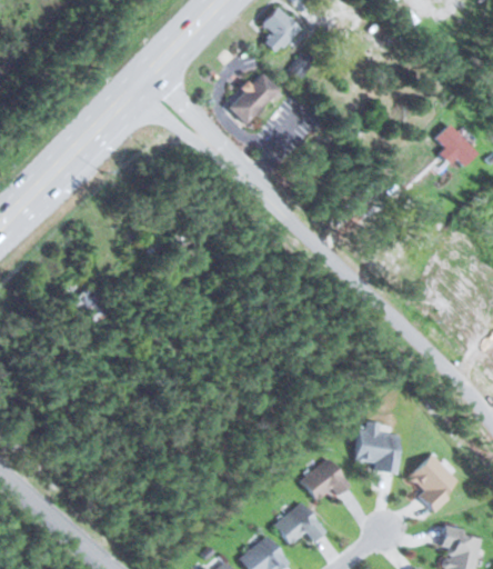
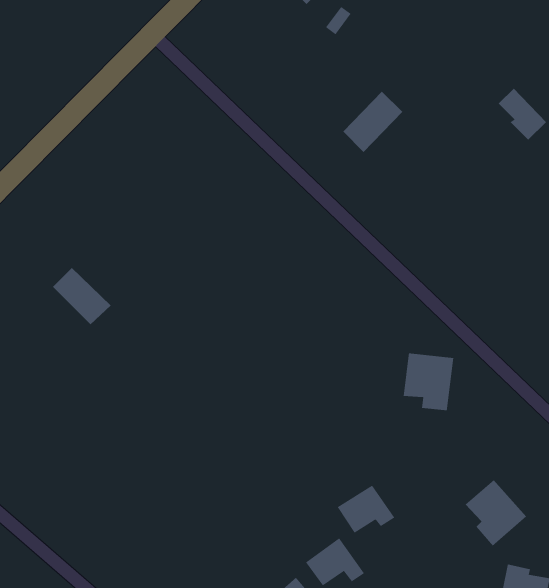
building: [228,72,279,124] -> [342,91,403,153]
building: [358,423,401,472] -> [403,353,454,411]

